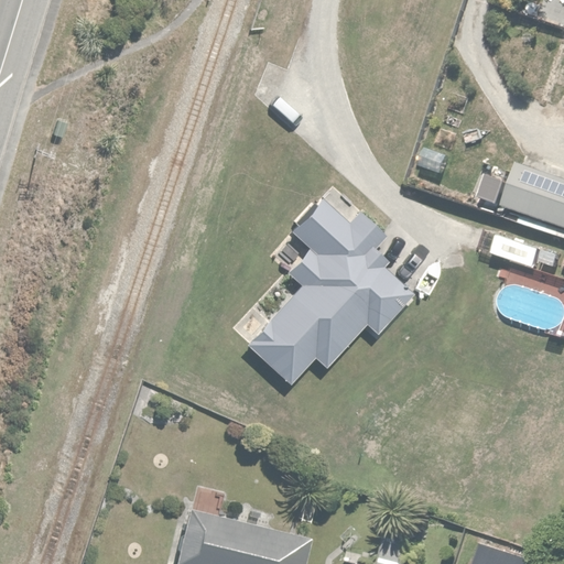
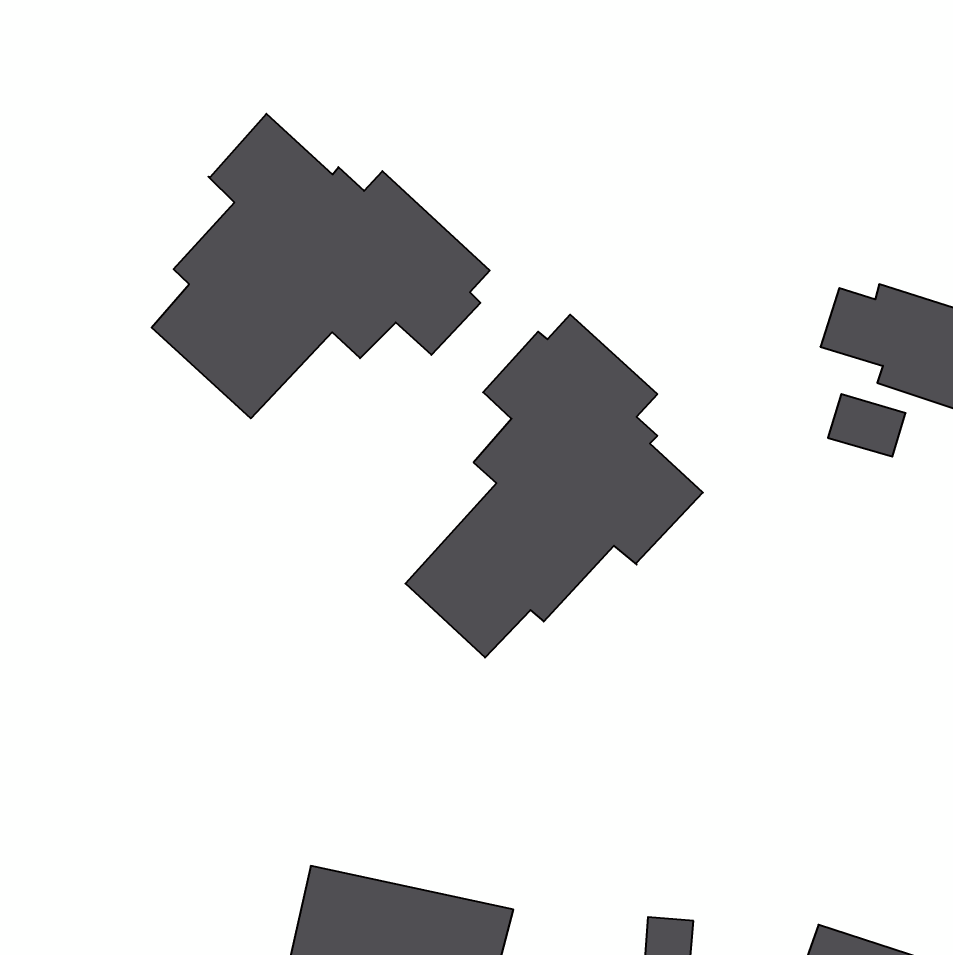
building: none -> [152,114,490,418]

